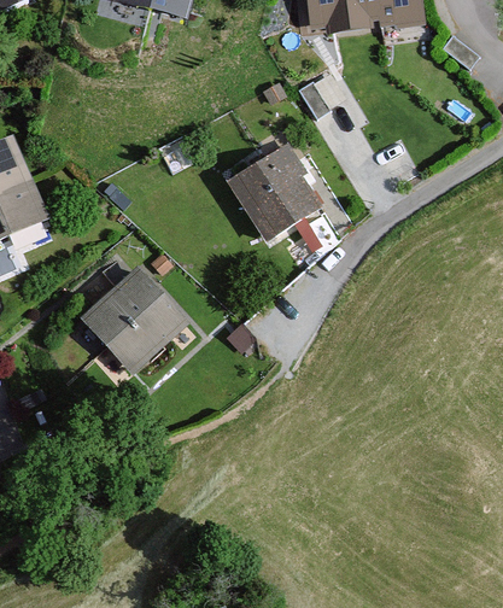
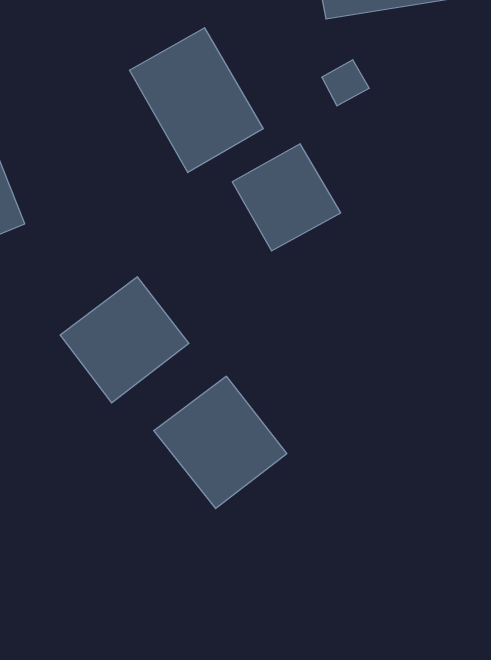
building: none -> [130,28,263,173]
building: none -> [154,376,287,509]

